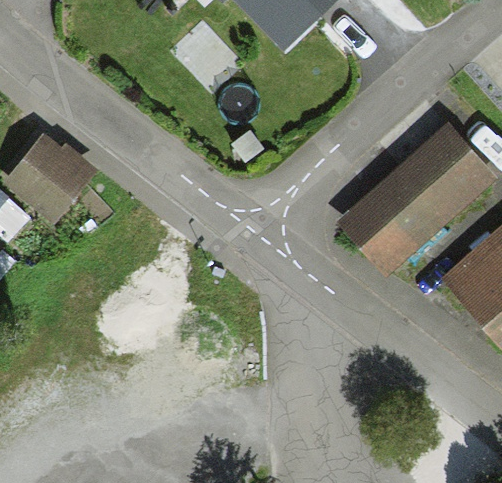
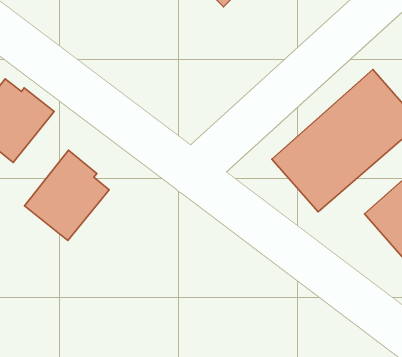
building: none -> [24,150,109,241]

